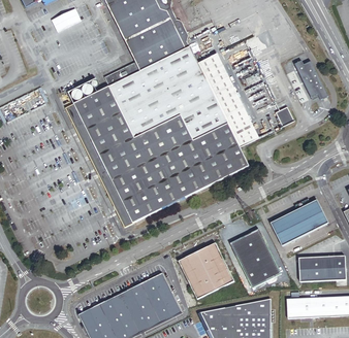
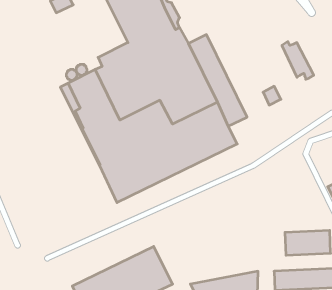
building: [271,199,328,245] -> none
building: [229,229,281,288] -> none
building: [178,242,233,299] -> none

